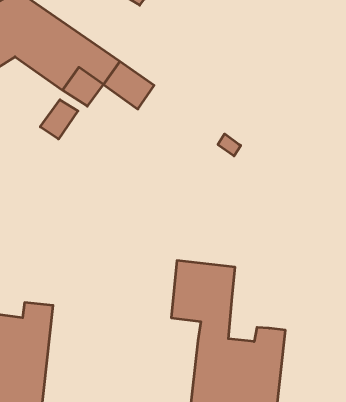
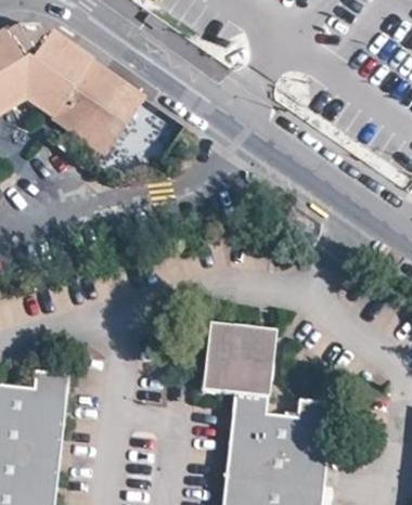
building: [40,100,78,139] -> none

